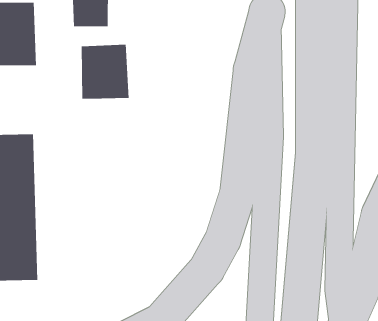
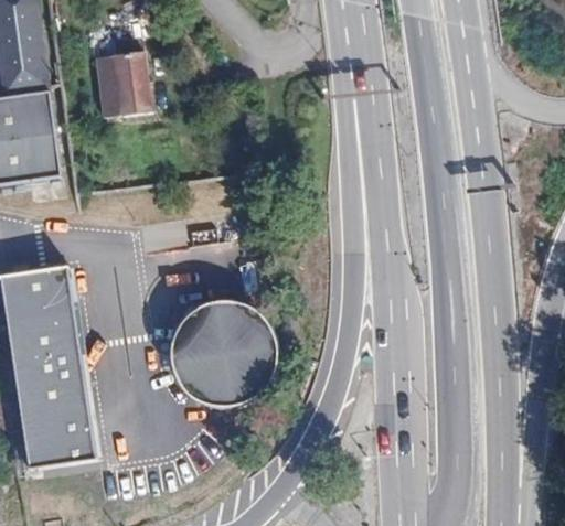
building: [81,44,129,99] -> none
building: none -> [164,298,271,404]

